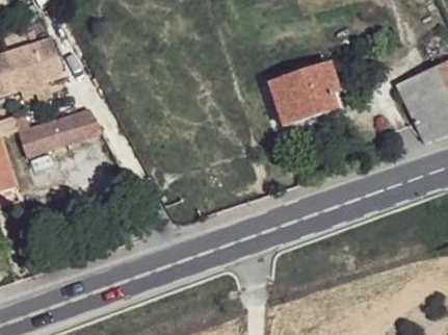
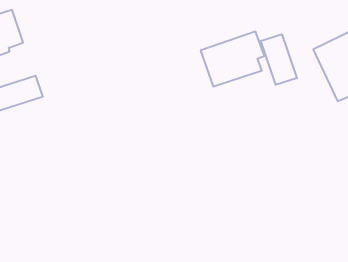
building: none -> [261,34,297,85]

